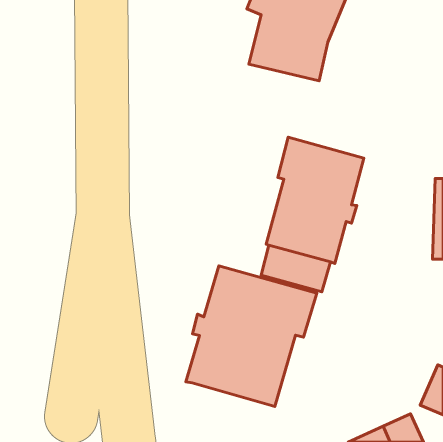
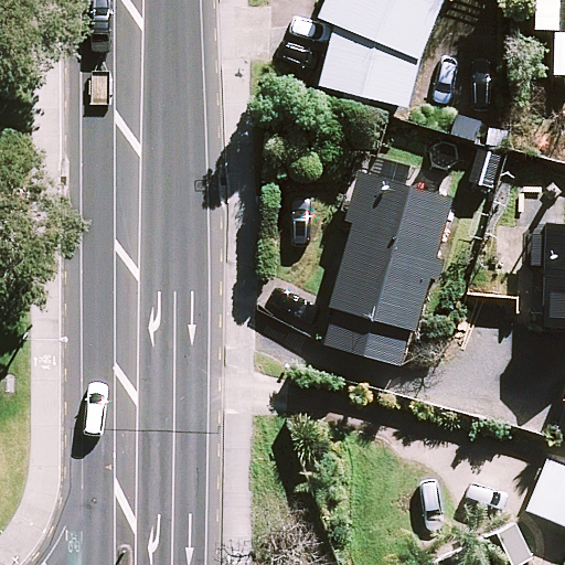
building: [186,266,317,406] -> none

